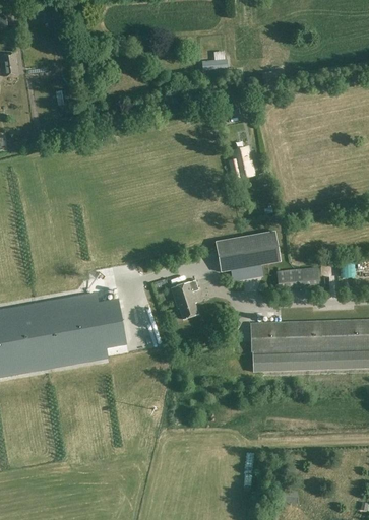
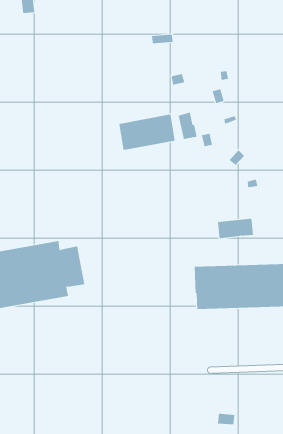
building: [216,231,281,272] -> [118,114,176,151]
building: [171,280,198,319] -> none

